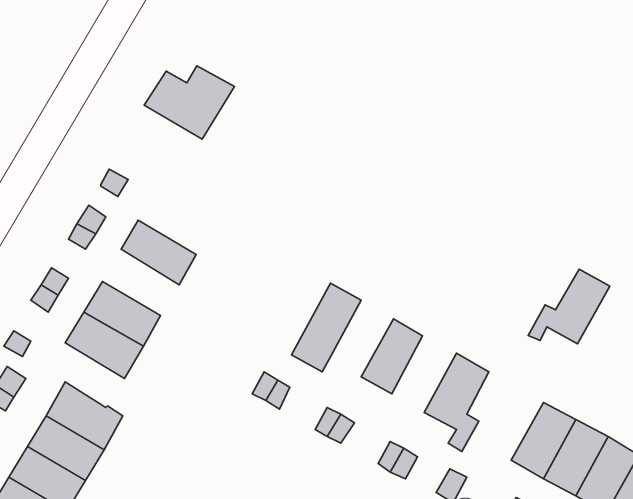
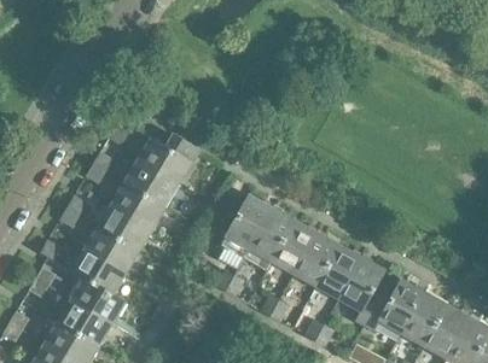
building: [144,66,234,139] -> [135,135,199,187]
building: none -> [110,183,164,230]
building: none -> [219,195,272,270]
building: [528,269,610,344] -> [365,280,423,333]
building: none -> [271,219,316,274]
building: none -> [315,245,361,299]
building: none -> [71,250,126,295]

